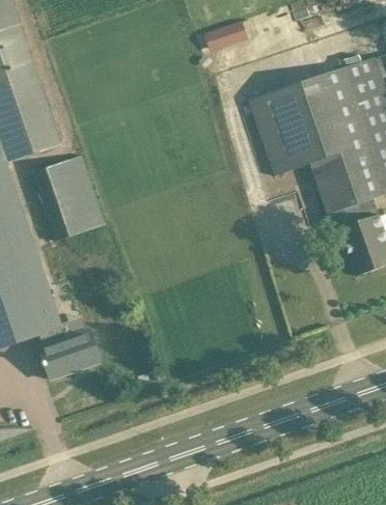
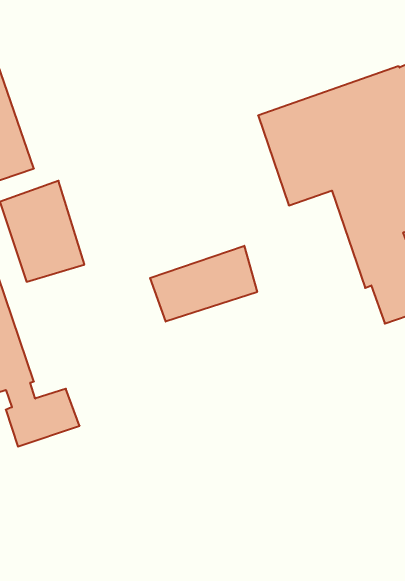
building: [215,20,248,48] -> none
building: none -> [150,246,257,322]

